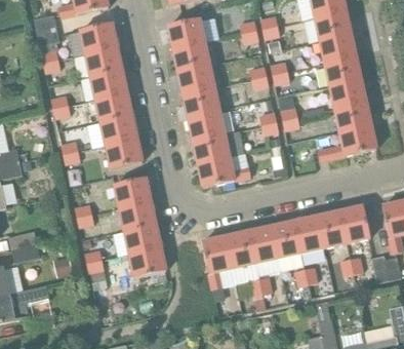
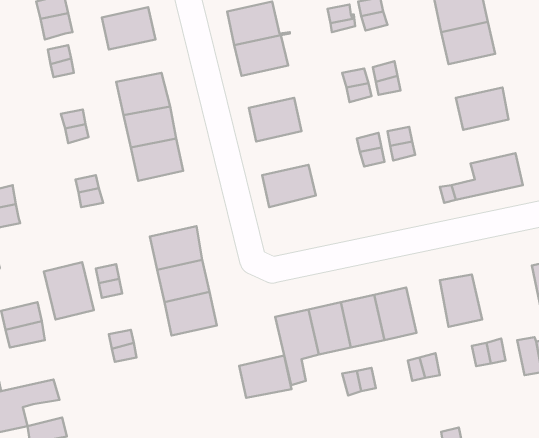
building: [85,45,122,75] -> none
building: [324,55,362,86] -> none
building: [178,64,215,93] -> none
building: [334,102,371,132] -> none
building: [189,110,226,141] -> none
building: [106,138,143,167] -> none
building: [198,155,251,187] -> none
building: none -> [44,262,94,320]
building: [340,205,370,242] -> none
building: [294,215,324,251] -> none
building: [129,246,166,276] -> [239,356,292,398]

